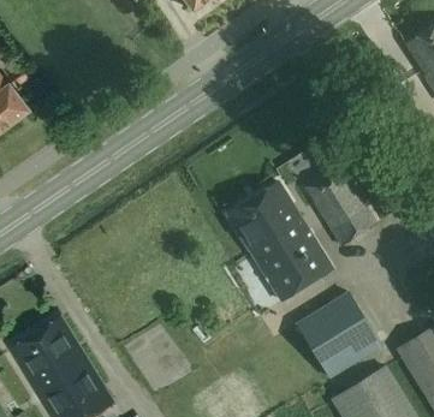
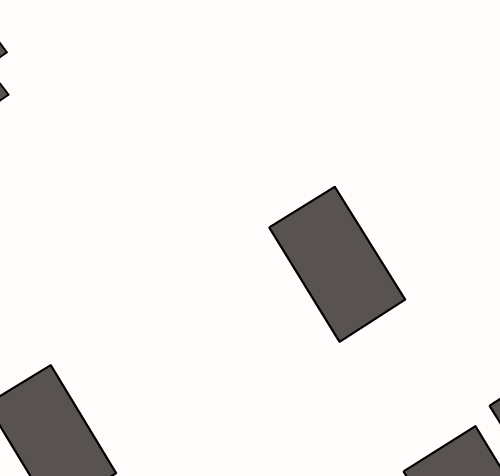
building: [305,166,377,246] -> none
building: [311,291,381,377] -> none

